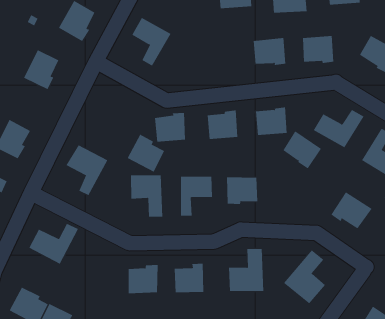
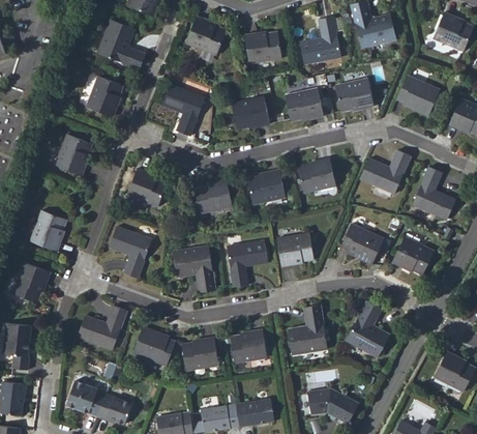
building: none -> [230,95,271,127]
building: [283,131,322,169] -> [341,227,382,265]
building: [127,134,165,173] -> [126,166,165,204]
building: none -> [137,328,176,367]

